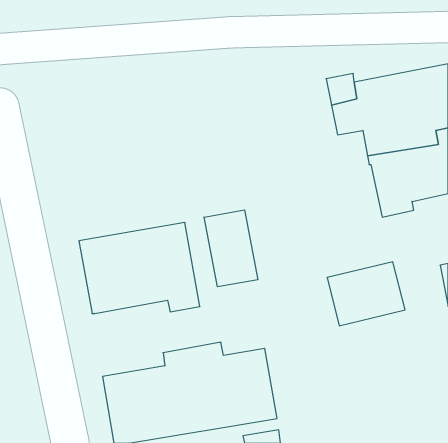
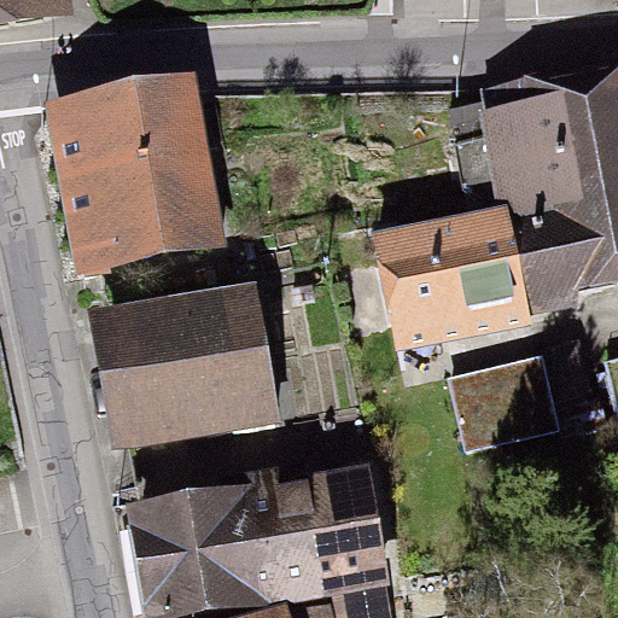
building: none -> [59,104,204,256]
building: none -> [378,227,526,325]
building: [204,210,258,287] -> none

